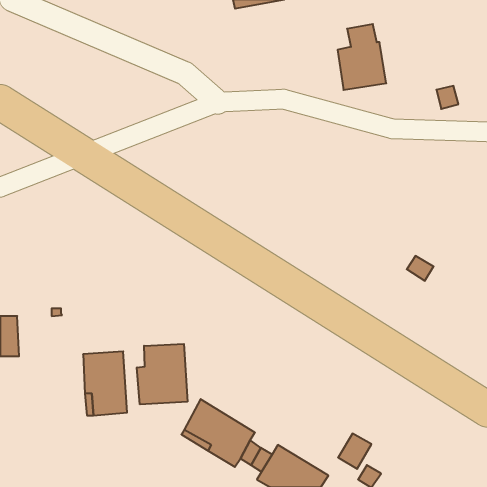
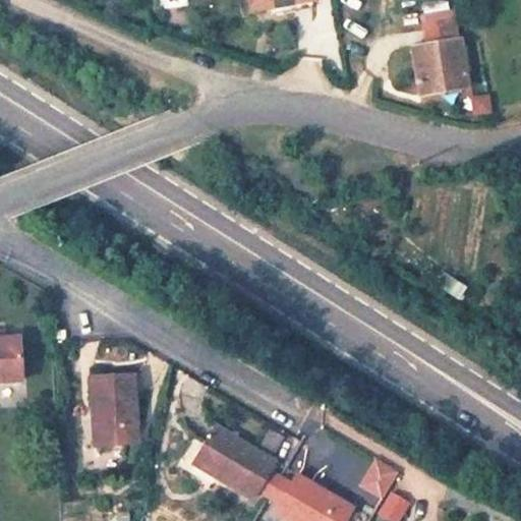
building: [338,24,386,90] -> [415,21,467,92]
building: [137,344,187,404] -> none

